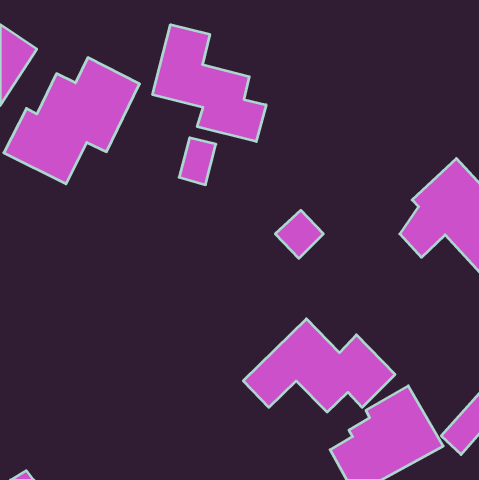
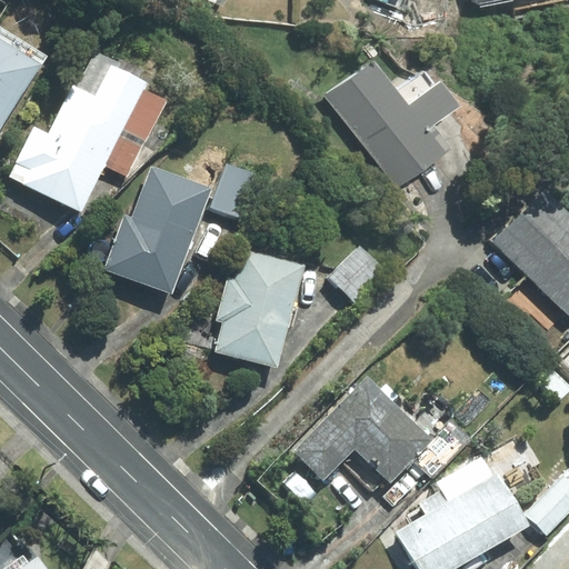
building: [153,25,266,142] -> none
building: none -> [325,57,455,183]
building: none -> [103,169,211,298]
building: none -> [209,247,306,370]

